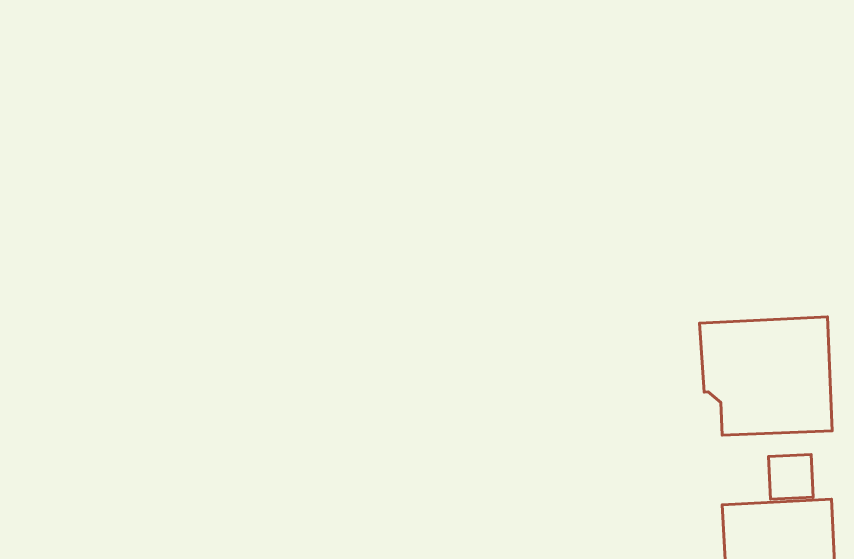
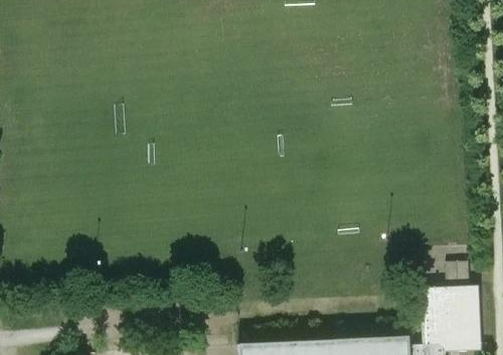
building: [700,317,832,435] -> none

